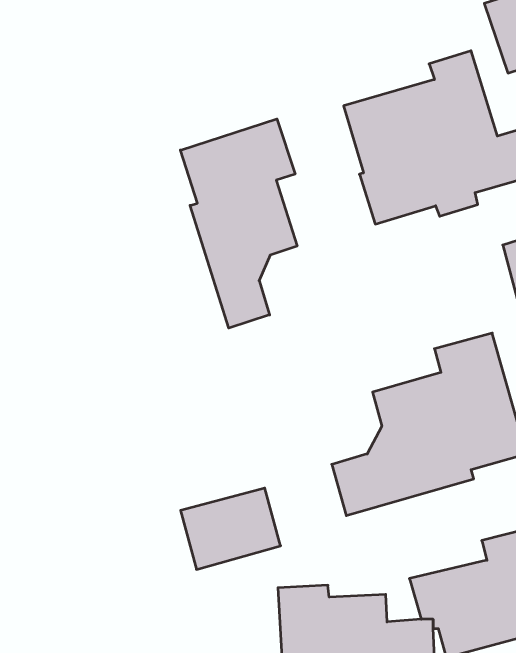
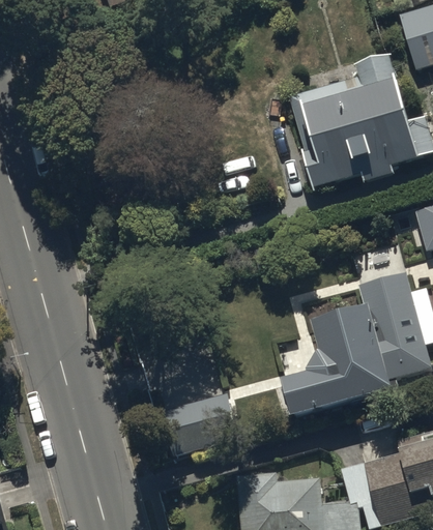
building: [180,119,297,328] -> none

